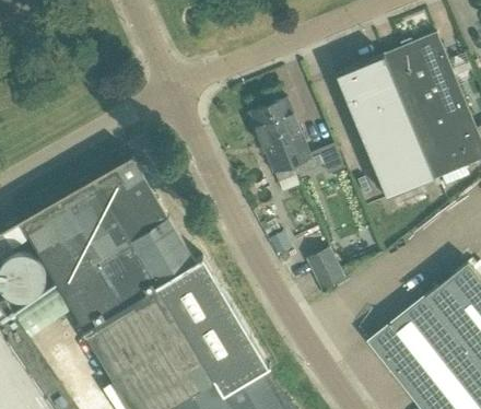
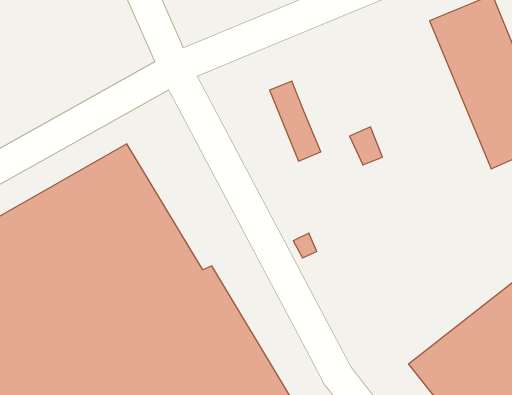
building: [336,57,436,201] -> none
building: [270,100,312,166] -> none
building: [307,249,344,291] -> none

